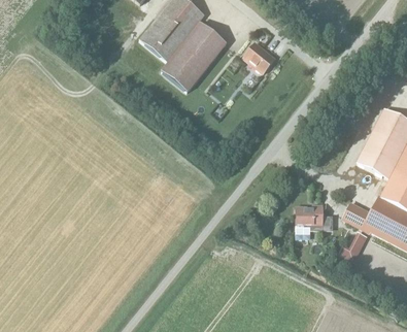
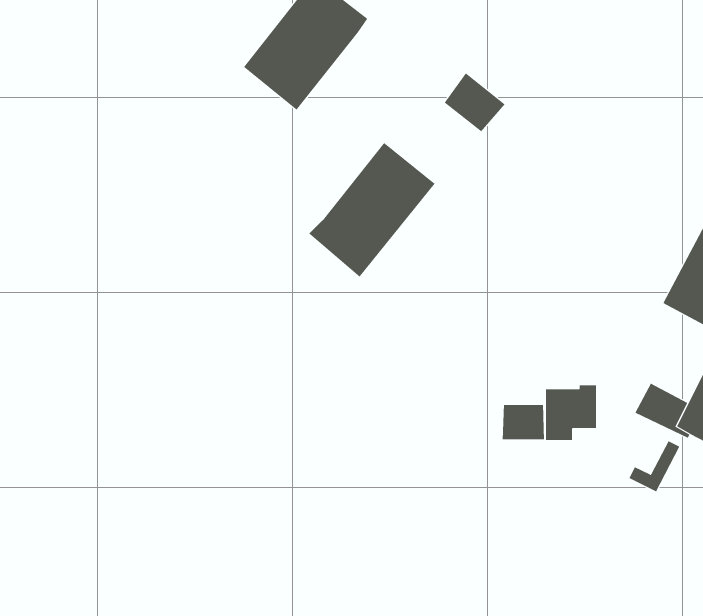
building: [160,21,226,91] -> [308,142,435,277]
building: none -> [502,404,544,440]

